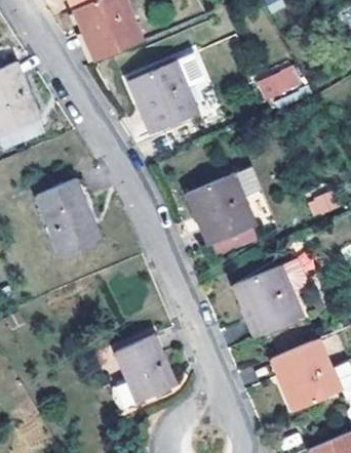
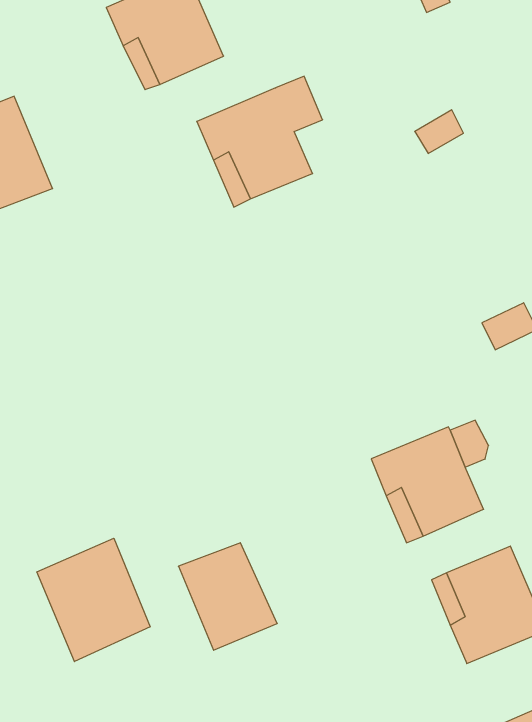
building: [188,175,256,245] -> none
building: [38,178,104,258] -> none
building: none -> [37,538,150,662]

